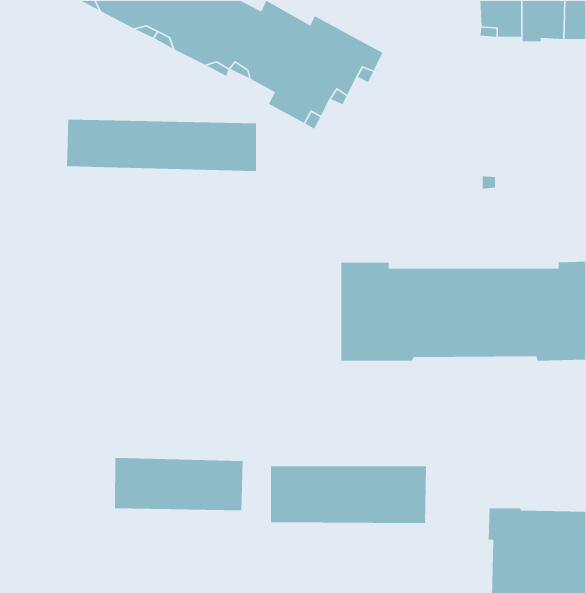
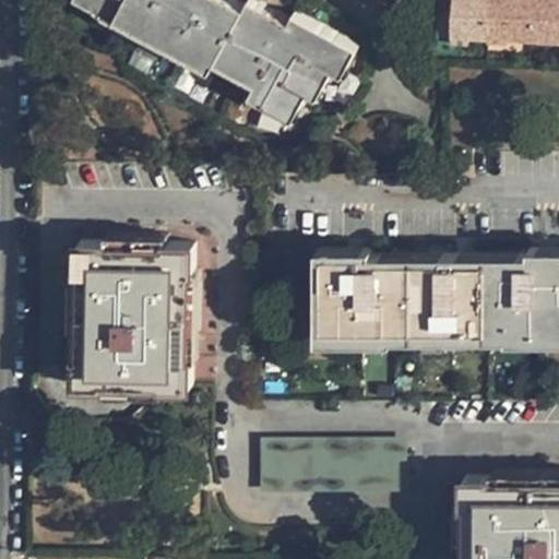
building: [66,119,257,172] -> none
building: none -> [69,242,187,389]
building: [114,457,243,511] -> none

